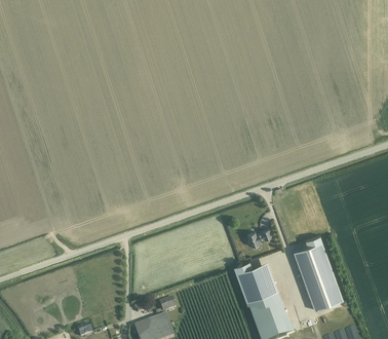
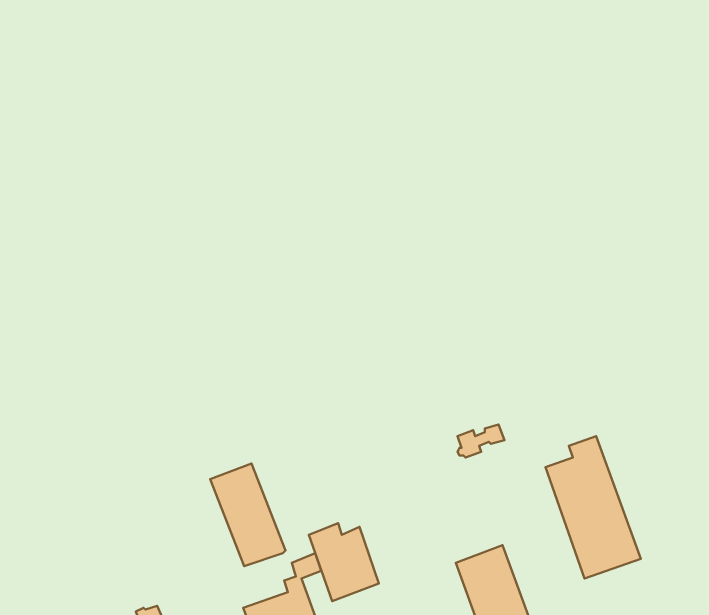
building: none -> [210,464,285,566]
building: [234,260,271,301] -> [309,523,379,601]

